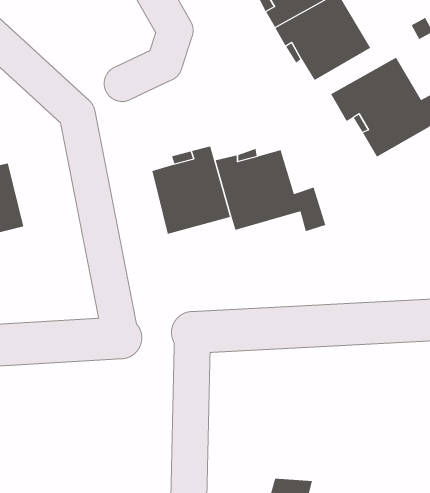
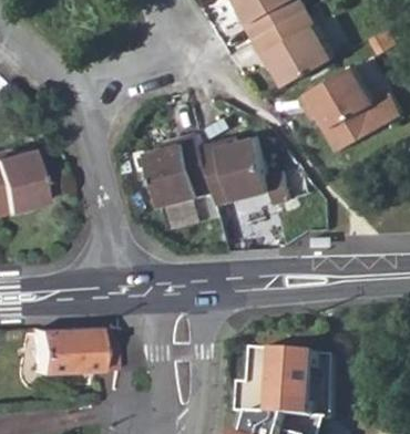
building: none -> [32,333,113,378]
building: none -> [237,349,314,417]

